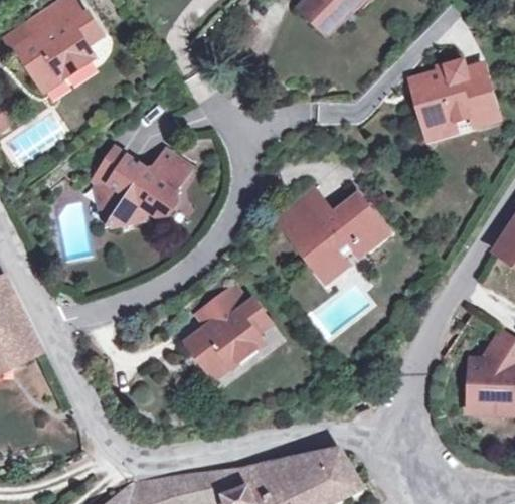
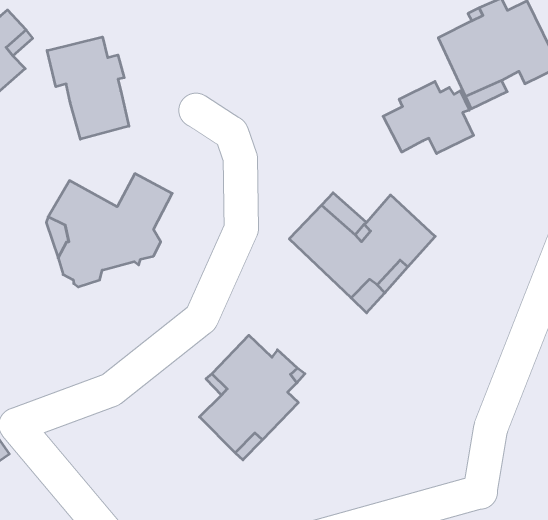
building: none -> [47,37,129,139]
building: none -> [383,81,474,154]

